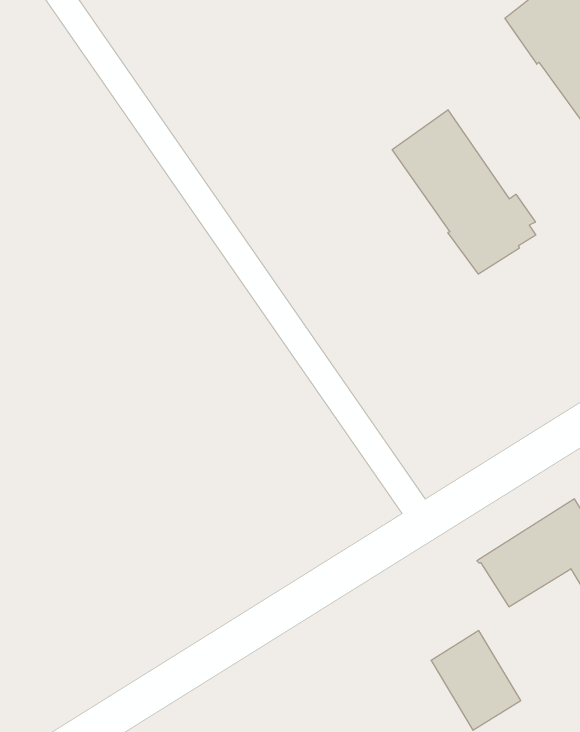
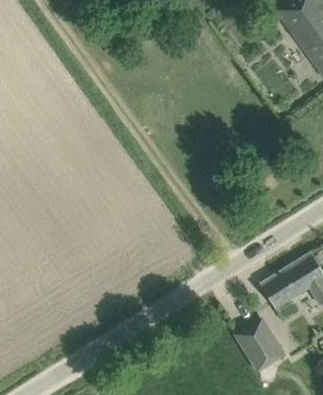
building: [392,110,536,274] -> none

